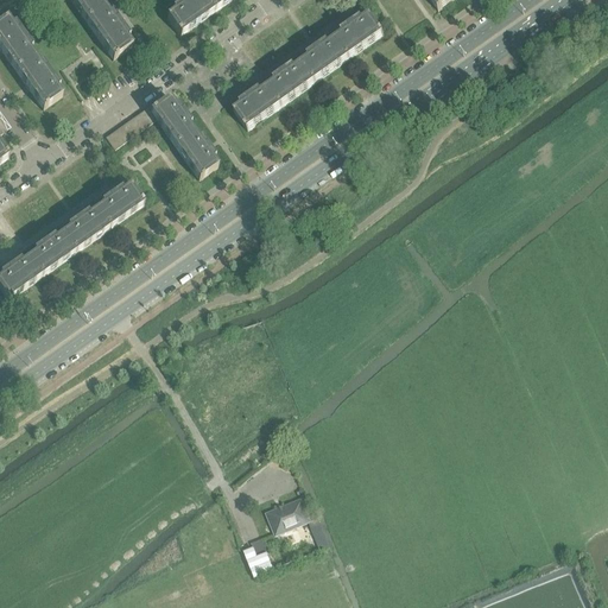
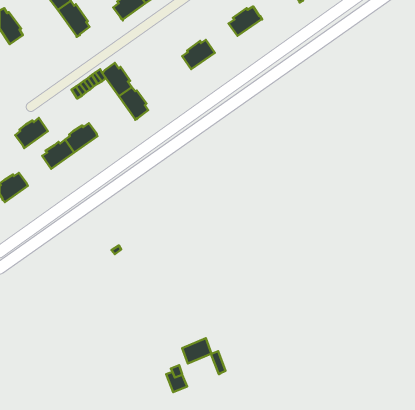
building: [300,34,347,77] -> none
building: [14,51,61,103] -> none
building: [233,82,279,125] -> none
building: [27,227,75,271] -> [15,118,48,148]

